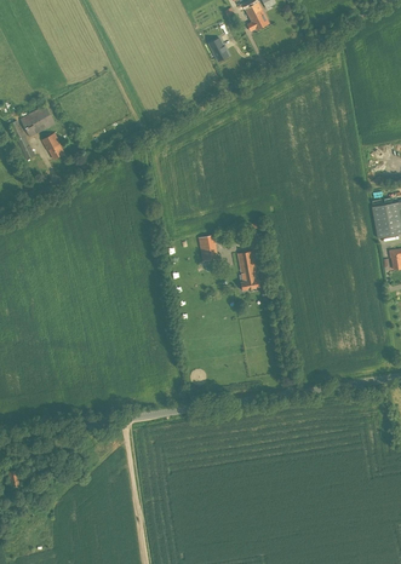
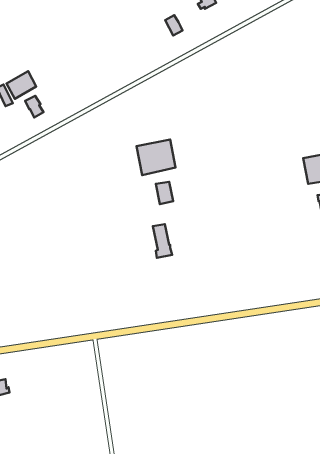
building: none -> [136,139,176,175]
building: [237,251,260,290] -> [153,224,172,258]

